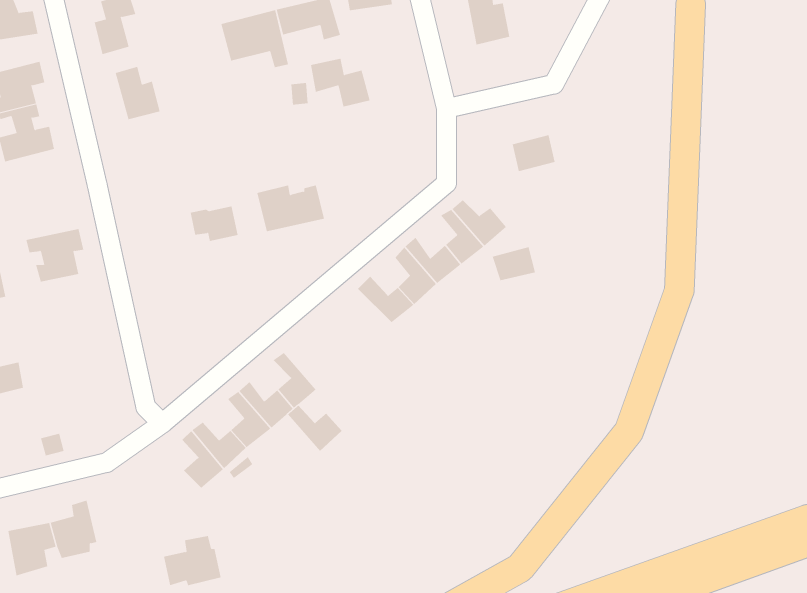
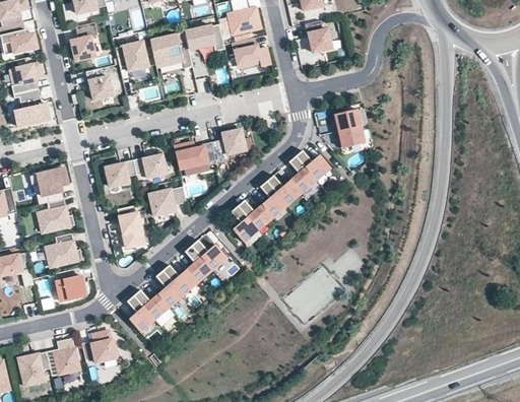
building: none -> [115,46,149,75]
building: [310,58,370,107] -> [235,41,272,71]
building: none -> [211,129,245,163]
building: none -> [105,159,135,186]
building: [492,247,536,281] -> [337,128,365,149]
building: none -> [150,187,187,215]
building: none -> [38,199,74,231]
building: none -> [117,205,144,247]
building: none -> [232,207,258,243]
building: none -> [46,233,82,266]
building: none -> [55,268,89,299]
building: [287,405,343,452] -> [191,241,225,270]
building: [163,535,222,586] -> [81,331,118,362]

